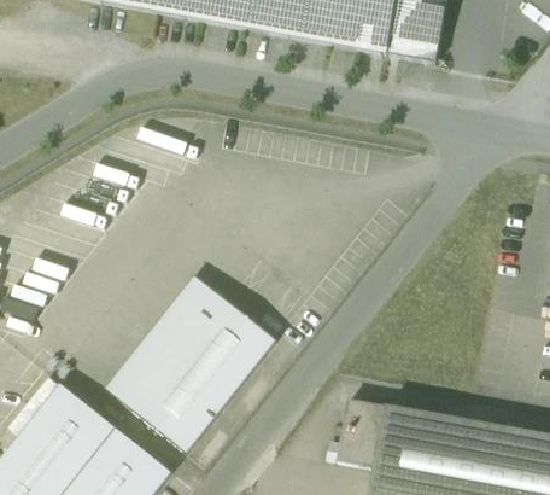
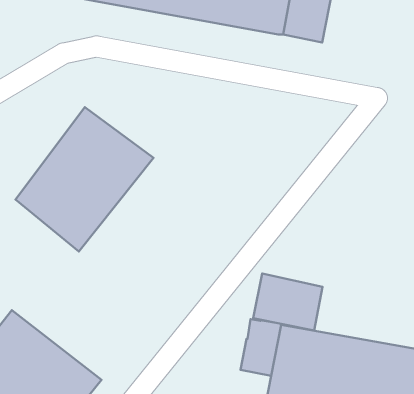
building: [110,275,277,450] -> [15,107,154,251]
building: none -> [253,274,323,330]

